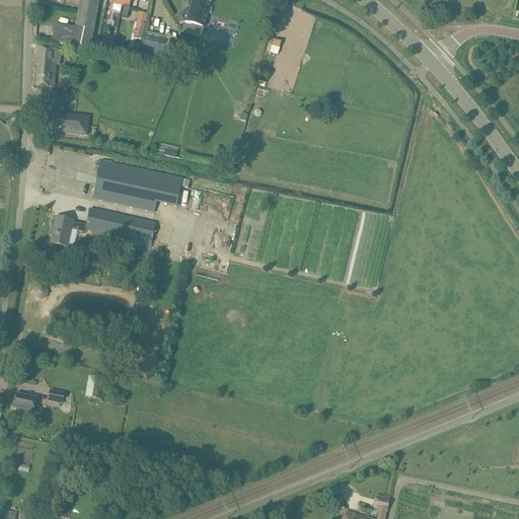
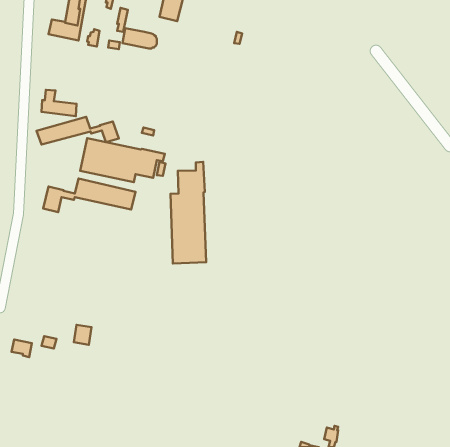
building: [36,45,62,85] -> none
building: none -> [37,117,119,144]
building: none -> [170,162,206,264]

